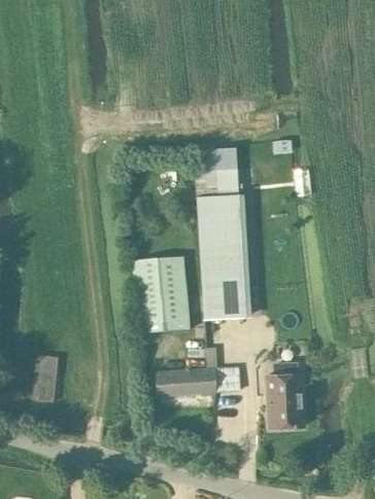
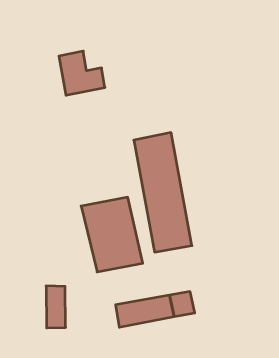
building: [194,148,239,193] -> [59,51,105,95]
building: [33,354,59,401] -> [46,286,66,328]
building: [267,375,305,428] -> none

